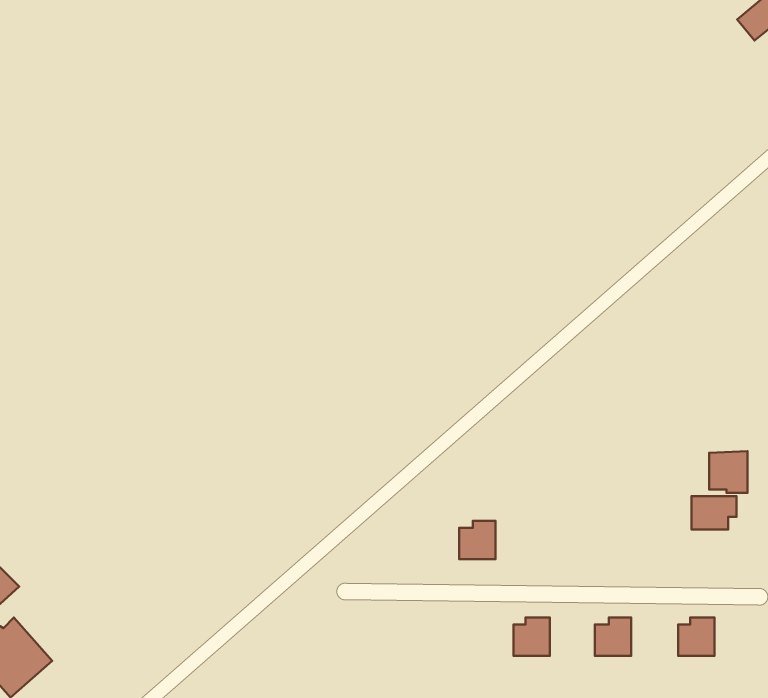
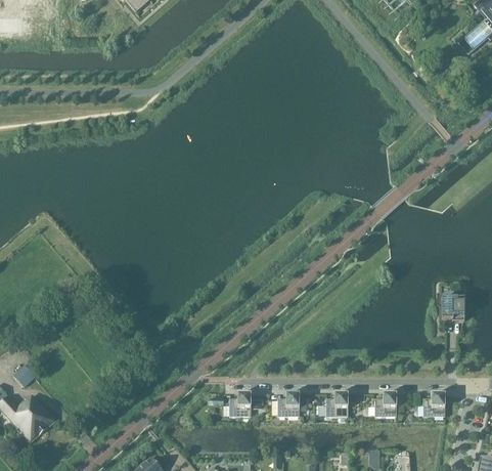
building: [691,496,737,529] -> none
building: [459,521,496,559] -> [277,394,299,417]
building: none -> [229,394,251,417]

